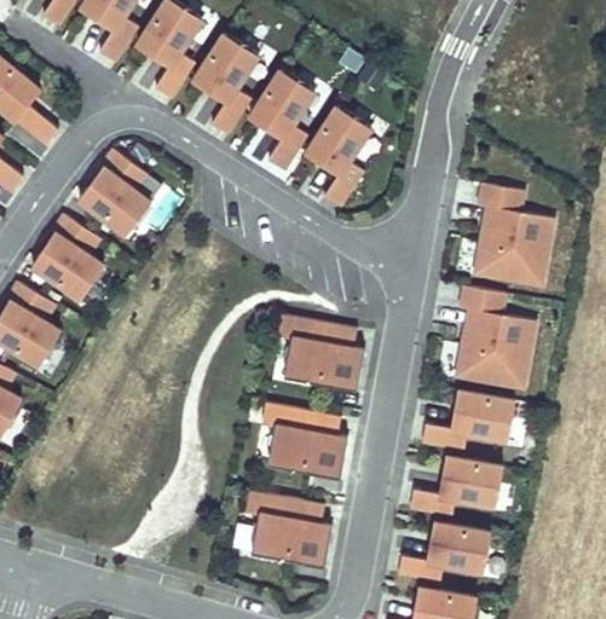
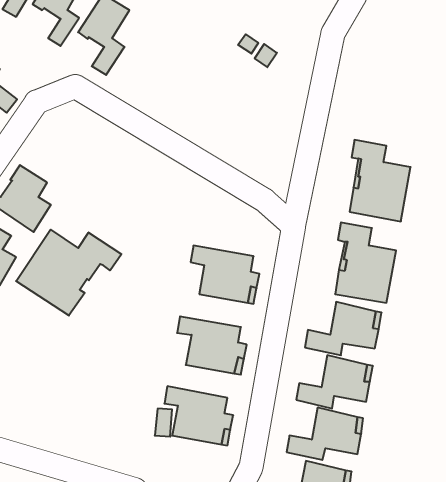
building: [192,36,258,138] -> none
building: [249,73,314,174] -> none
building: [306,109,370,210] -> none
building: [77,149,150,233] -> none
building: none -> [16,230,121,316]

